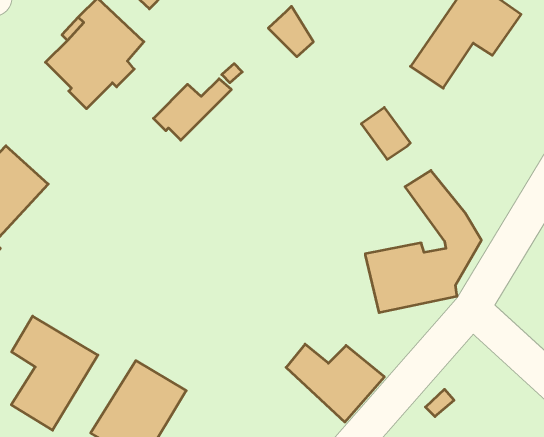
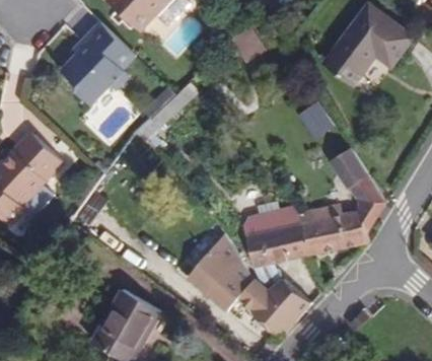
building: none -> [240,206,307,268]
building: none -> [184,234,253,311]
building: [11,316,98,430] -> none

